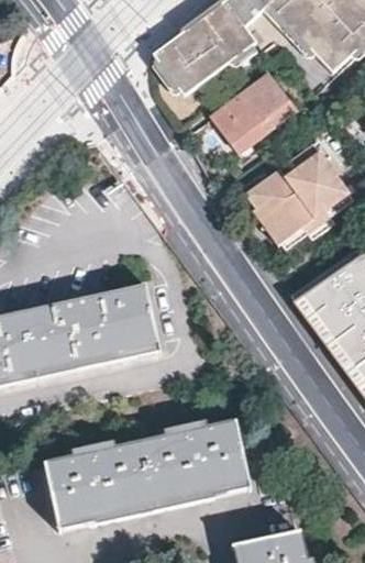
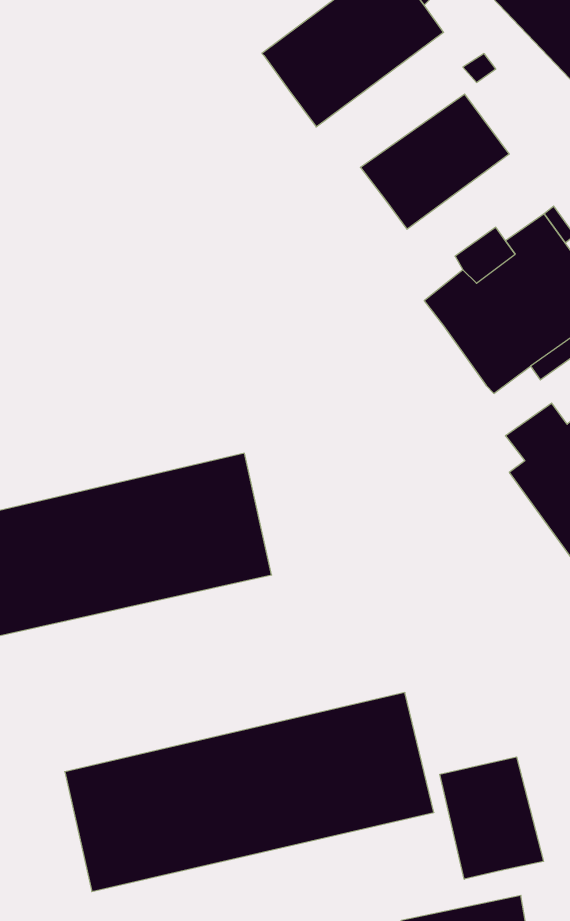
building: none -> [440,757,544,879]

